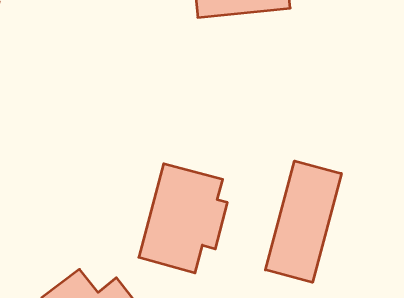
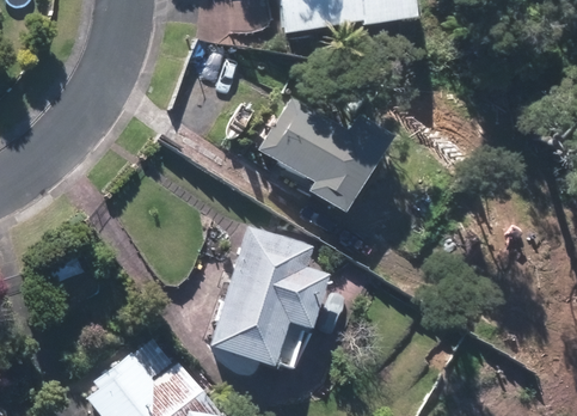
building: none -> [241,103,374,210]
building: [265,161,341,282] -> none

